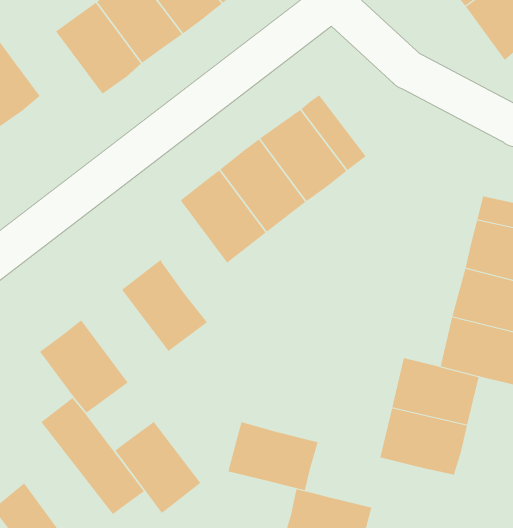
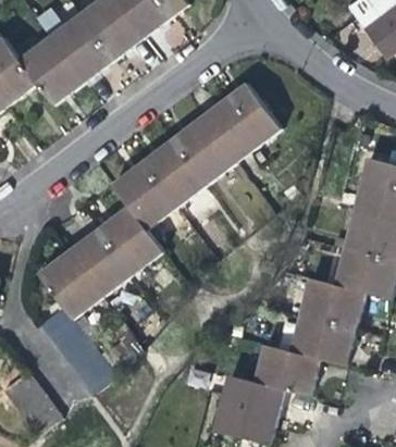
building: none -> [21,35,85,104]
building: none -> [112,160,177,229]
building: [114,421,201,514] -> [70,226,134,295]
building: [228,422,319,491] -> [253,343,321,394]

